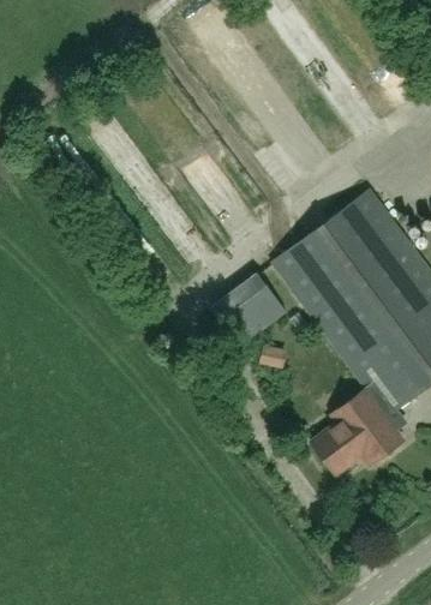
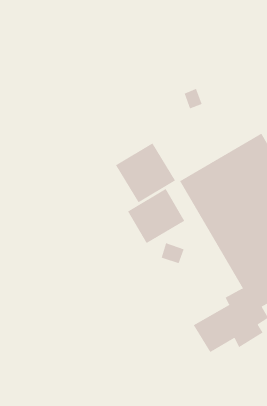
building: none -> [115,143,176,203]

